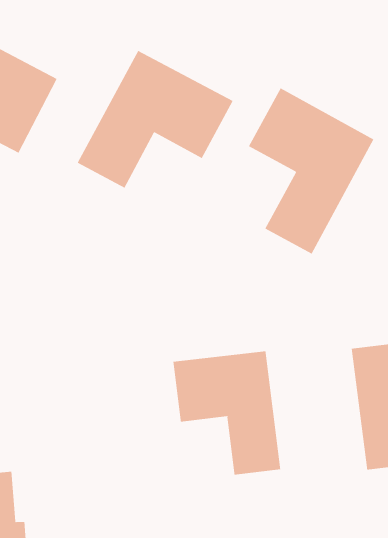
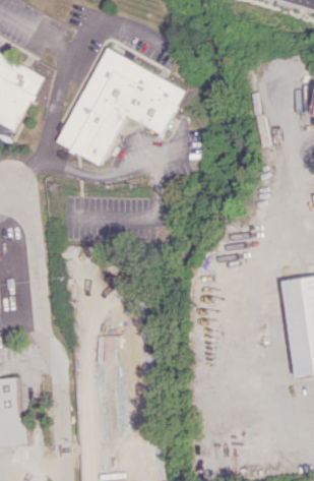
building: [248,87,374,255] -> none
building: [173,351,281,476] -> none

